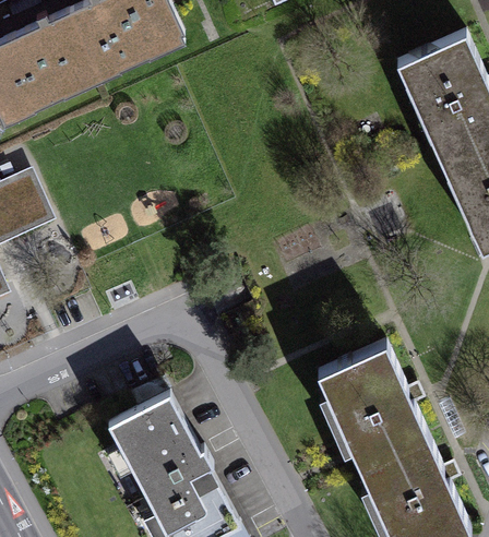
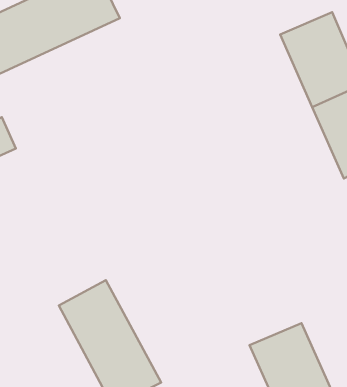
building: [315,348,427,474] -> none

